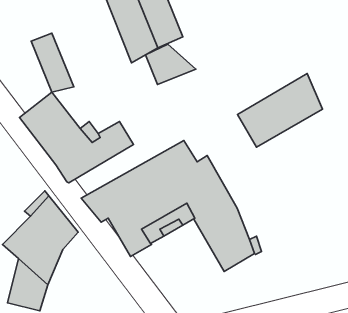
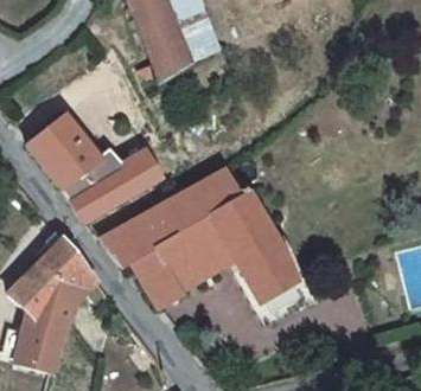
building: [31,33,74,92] -> none
building: [145,44,196,85] -> none
building: [238,74,322,147] -> none

